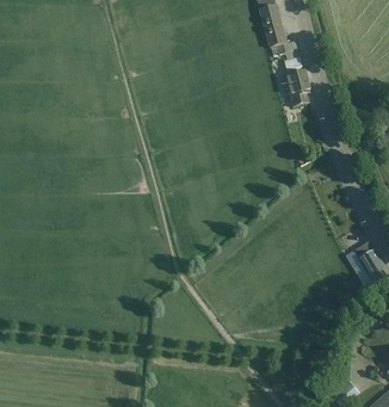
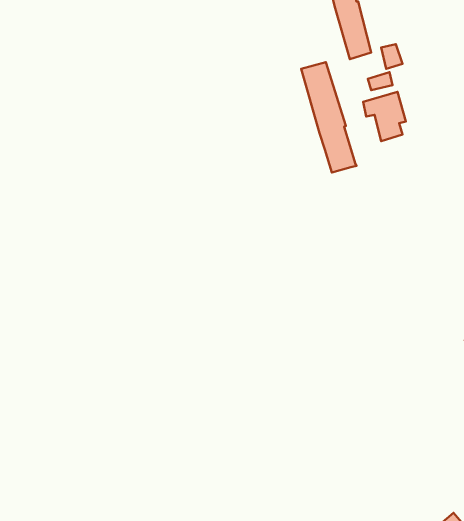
building: none -> [301,62,356,172]

